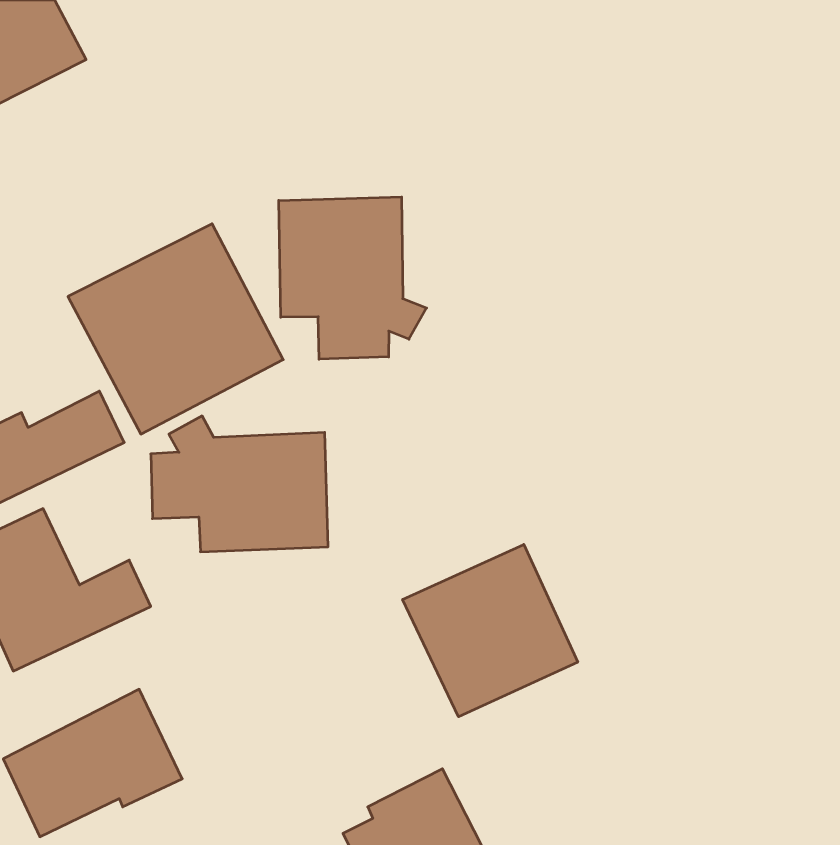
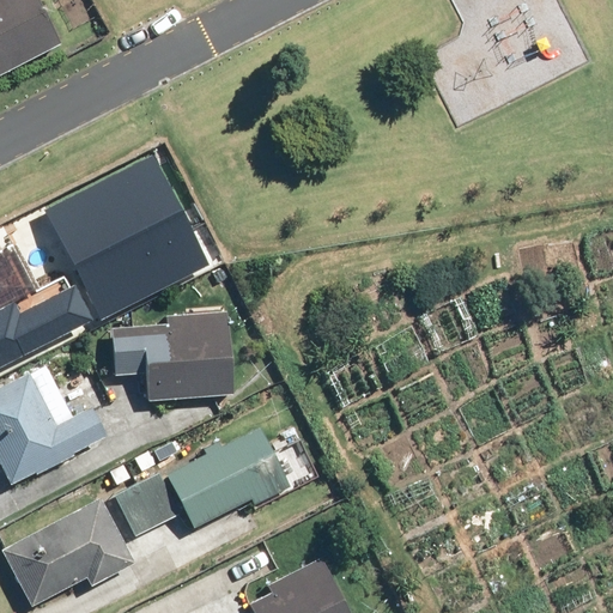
building: [279,197,427,359] -> none
building: [403,544,578,717] -> none
building: none -> [111,424,292,535]

